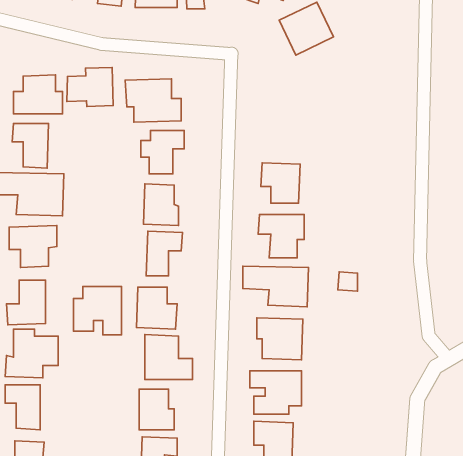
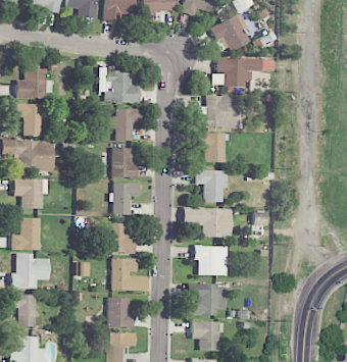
building: none -> [212,58,274,87]
building: [67,67,113,106] -> none
building: none -> [198,96,240,128]
building: [74,287,121,335] -> none

